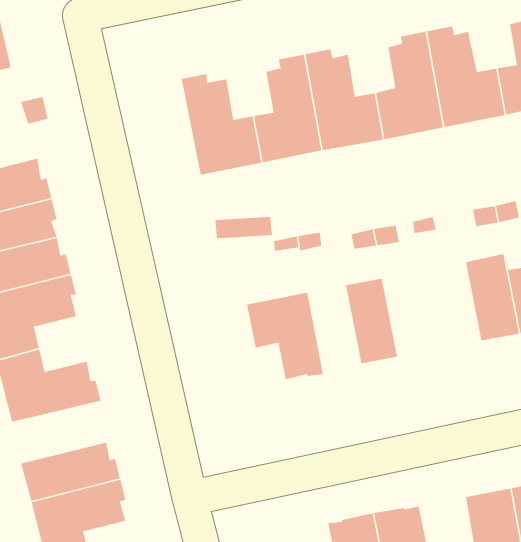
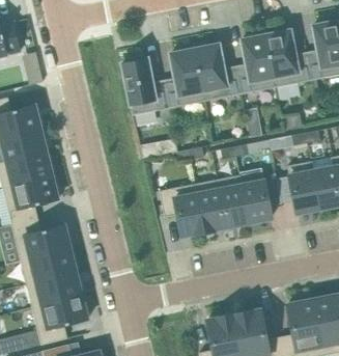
building: none -> [241,176,281,221]
building: none -> [195,179,226,231]
building: none -> [21,247,77,283]

